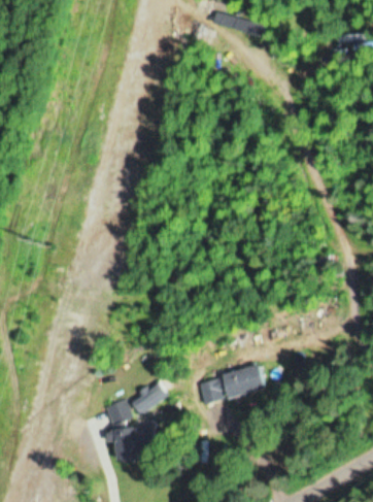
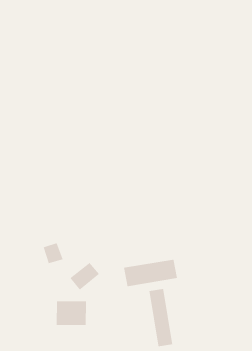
building: [106,400,133,428] -> [43,242,63,264]
building: none -> [149,288,173,347]

